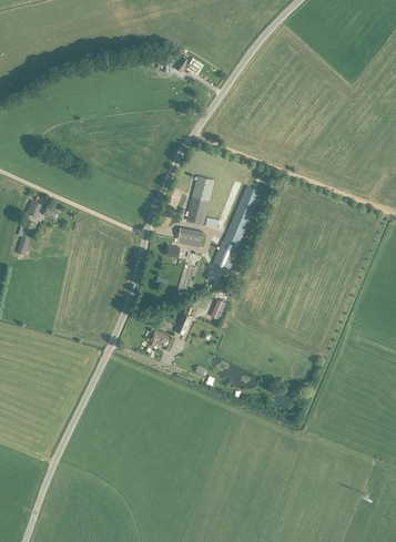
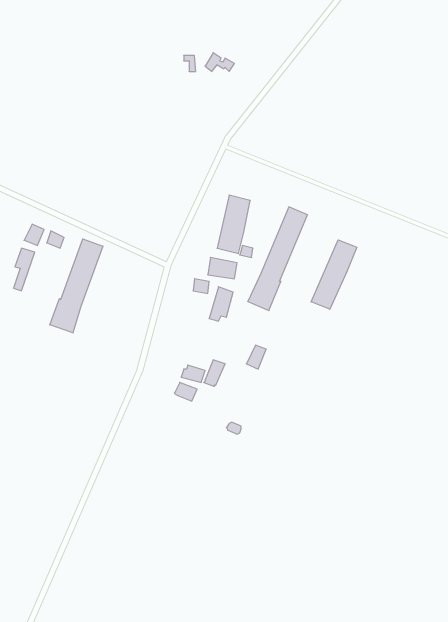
building: none -> [50,239,103,333]
building: none -> [311,240,357,309]

